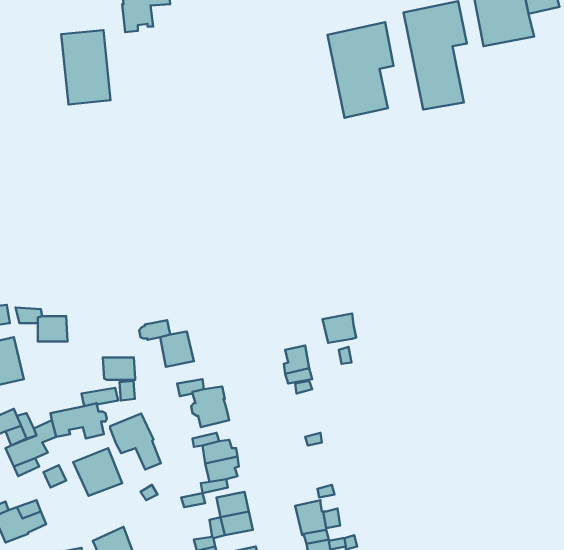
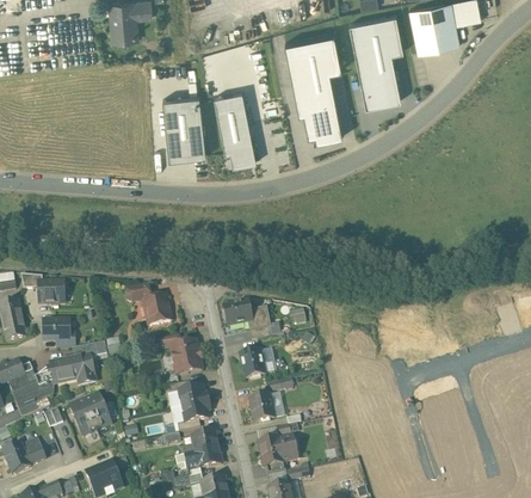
building: [61,30,111,105] -> [163,96,205,159]
building: none -> [215,92,255,166]
building: none -> [304,105,342,141]
building: [323,313,356,343] -> [223,301,252,326]
building: [103,357,135,380] -> [43,321,70,340]
building: none -> [240,350,266,379]
building: [110,414,161,469] -> none
building: none -> [249,395,274,424]

